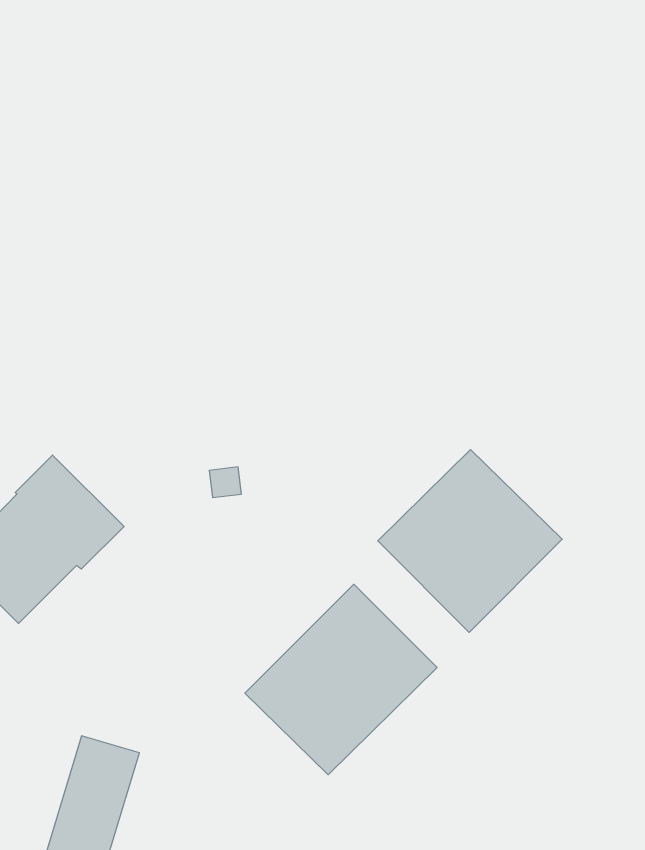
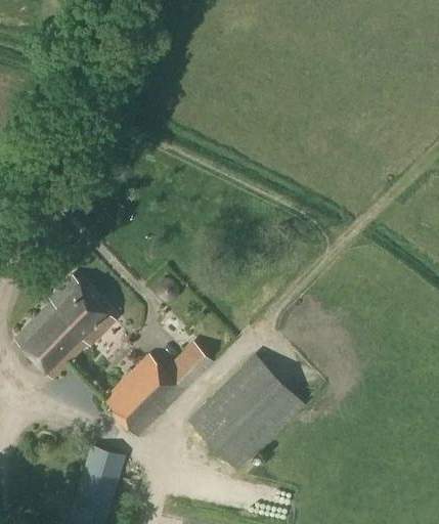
building: [378,450,562,632] -> none
building: none -> [102,341,214,436]

